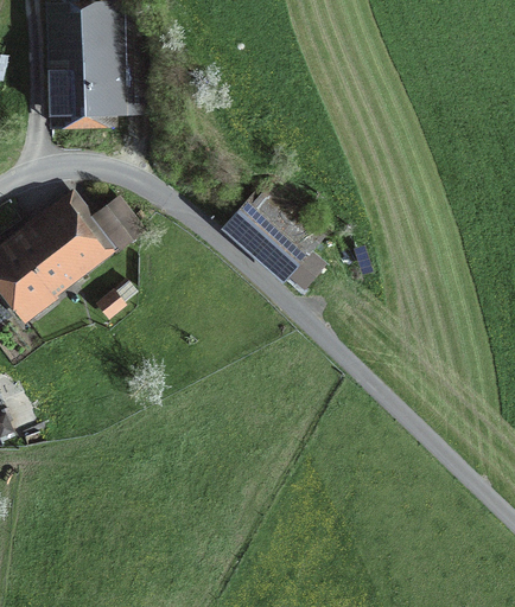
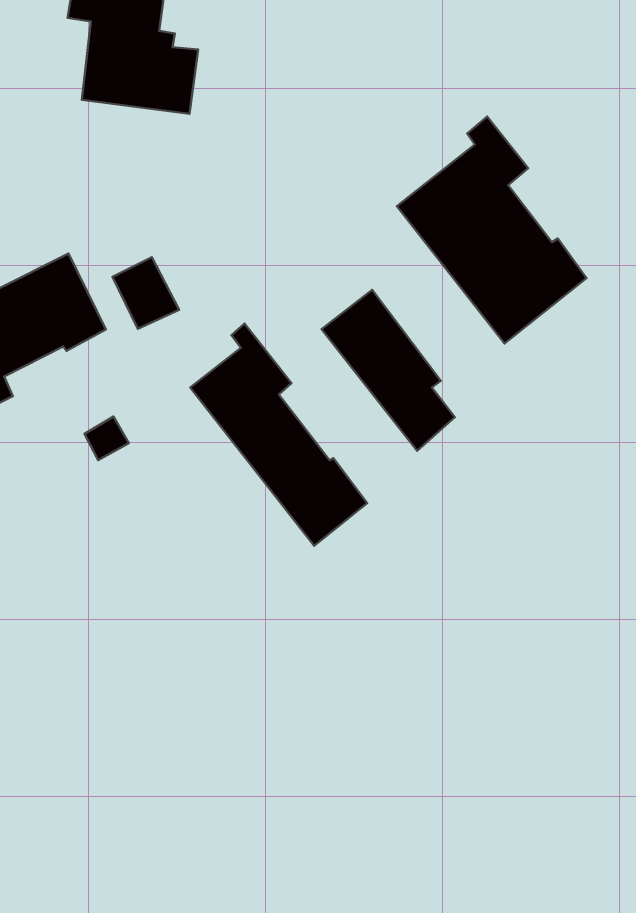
building: none -> [397,116,587,343]
building: none -> [190,324,367,546]

